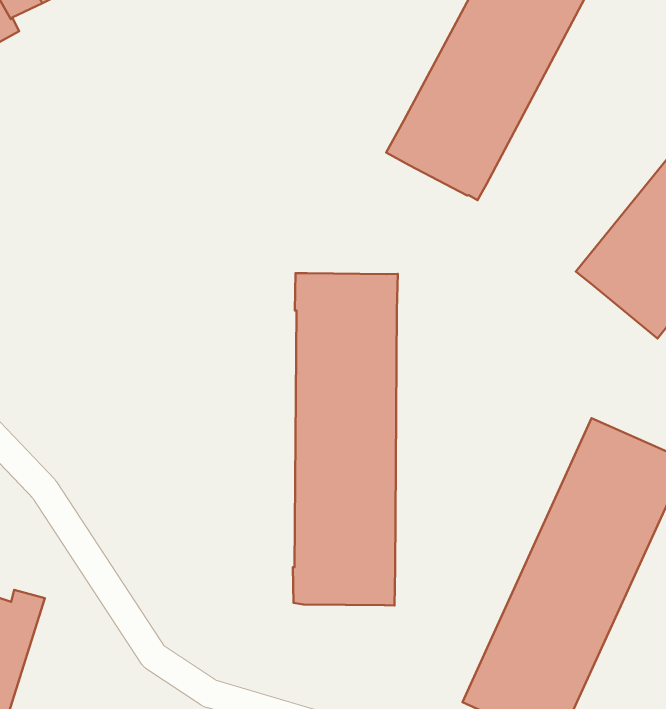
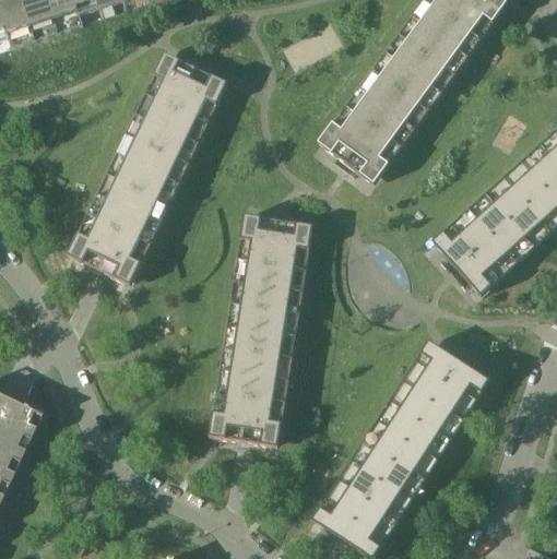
building: none -> [71,52,229,285]

